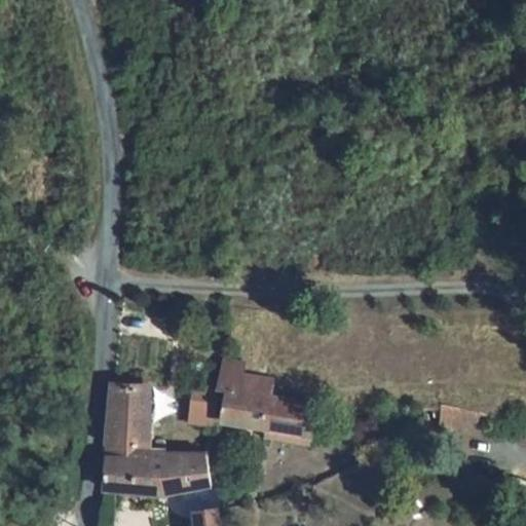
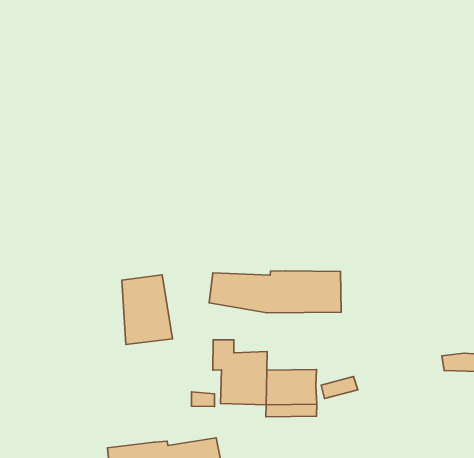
building: none -> [209,271,341,313]
building: [104,382,149,446] -> [122,275,173,344]

